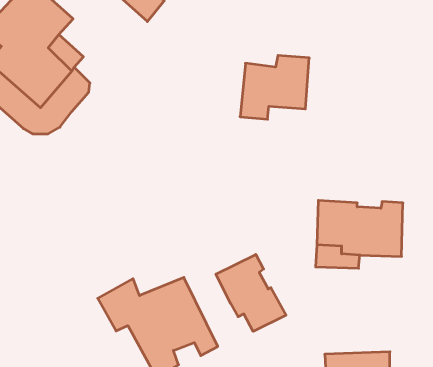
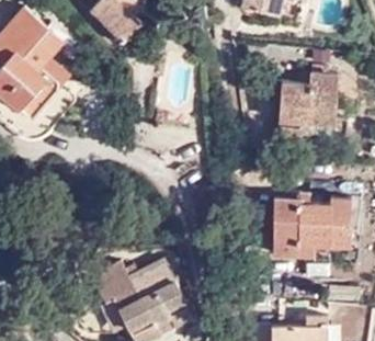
building: [240,55,309,119] -> [279,72,337,126]
building: [216,254,286,331] -> none

